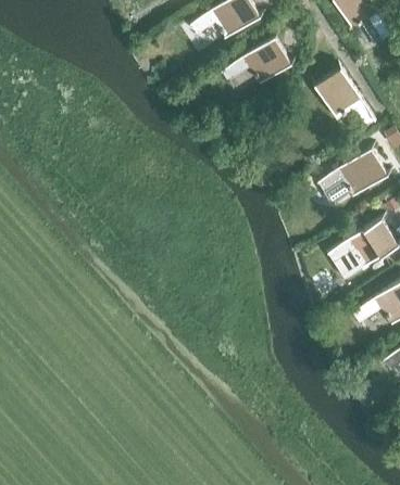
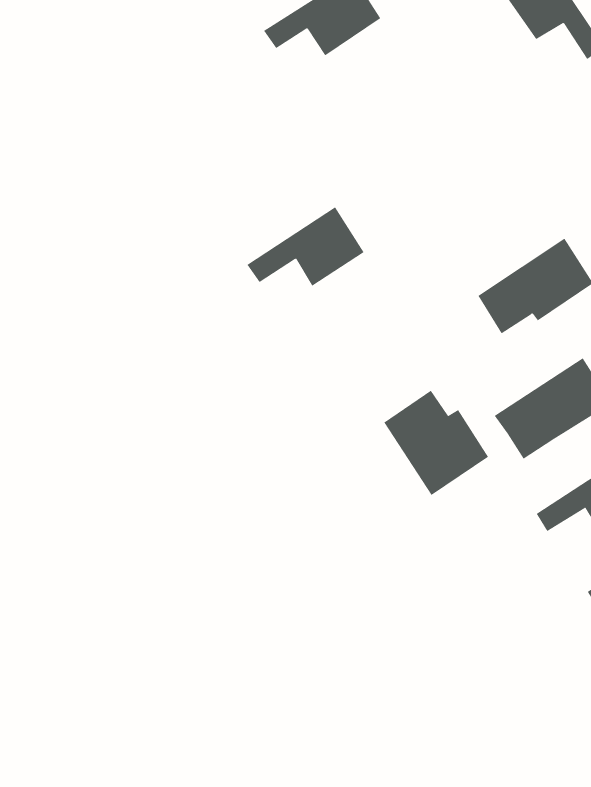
building: [222,37,292,85] -> [246,207,364,287]
building: [315,68,376,128] -> none
building: none -> [383,390,489,496]

